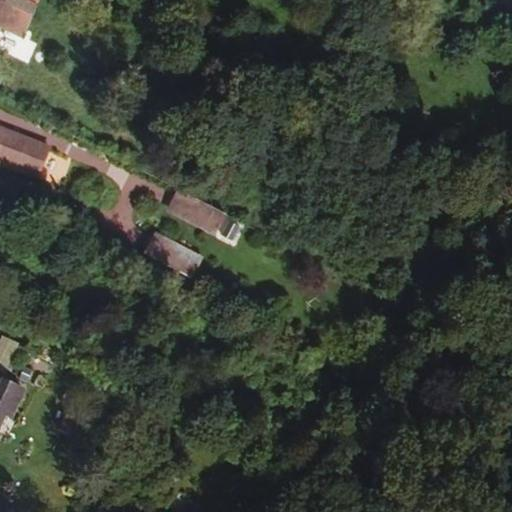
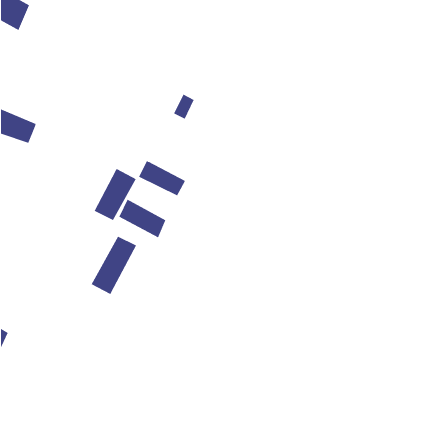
building: none -> [94,168,137,221]
building: none -> [91,236,137,295]

